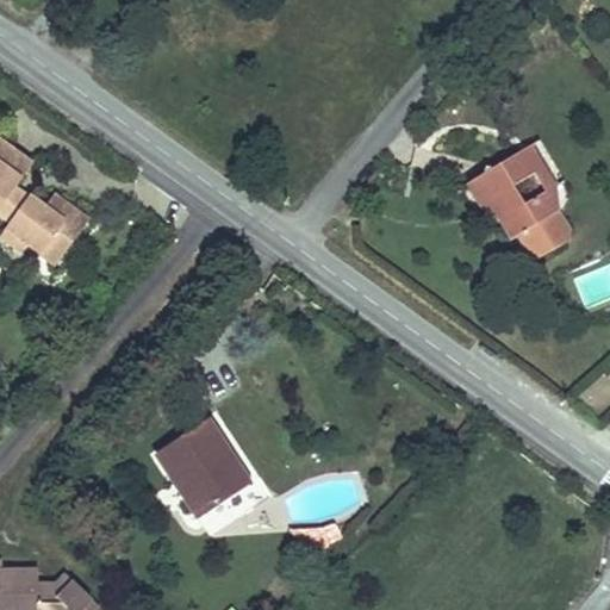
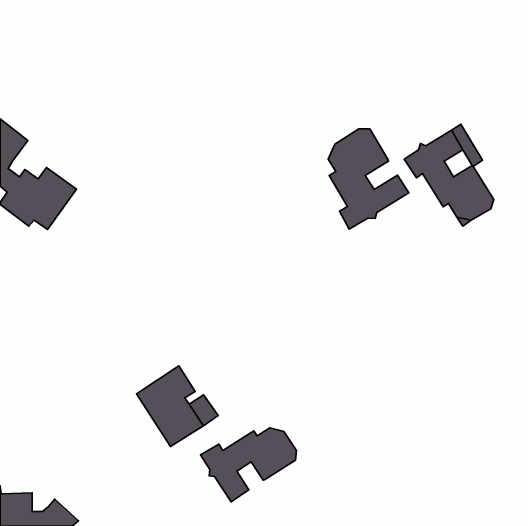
building: none -> [328,129,409,229]
building: none -> [201,428,297,502]

